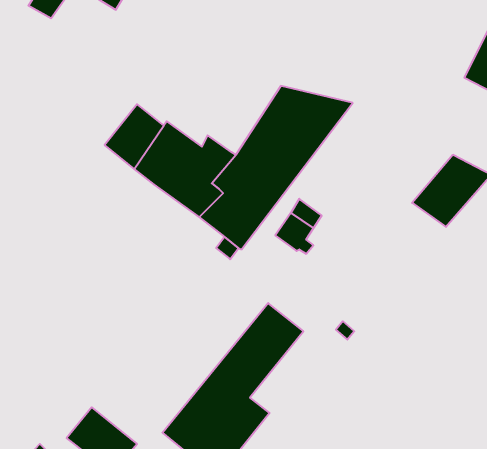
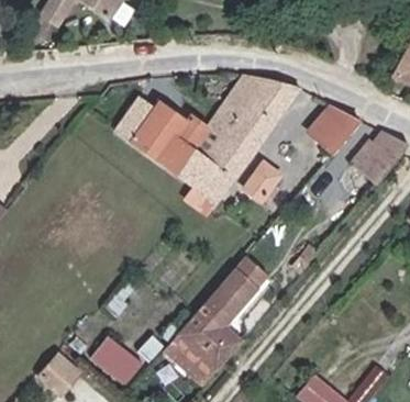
building: none -> [309,105,363,154]

